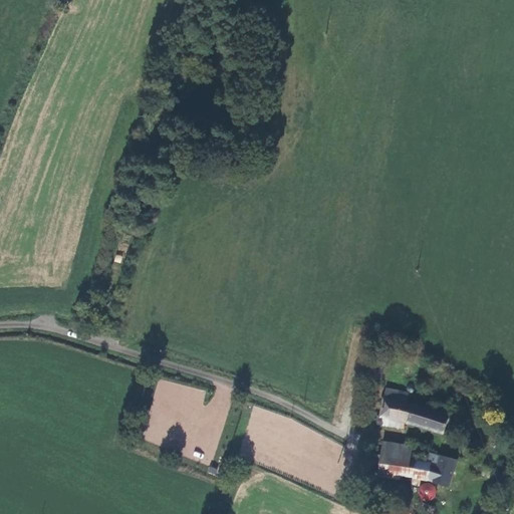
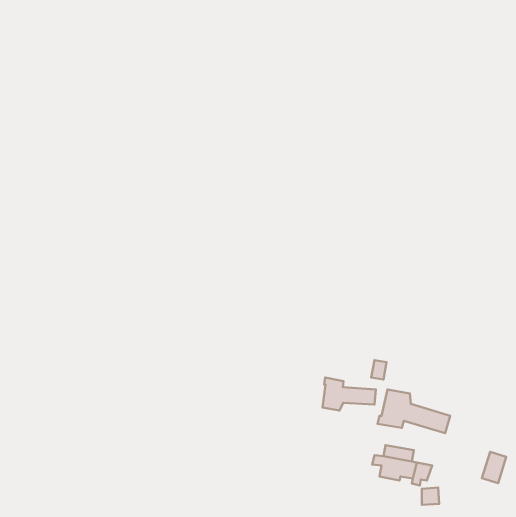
building: none -> [323,377,376,411]
building: [432,454,456,485] -> [482,452,506,483]

